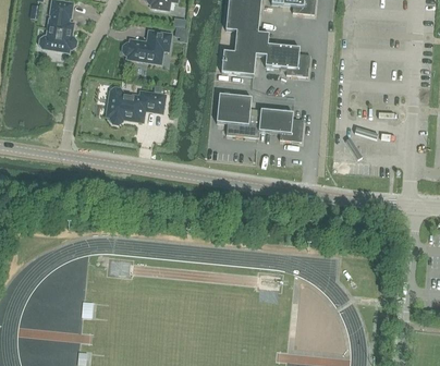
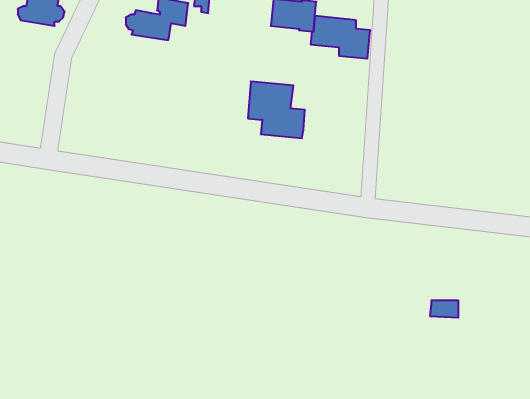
building: [221,50,256,75] -> none
building: [109,87,166,123] -> none
building: [259,109,304,142] -> none

